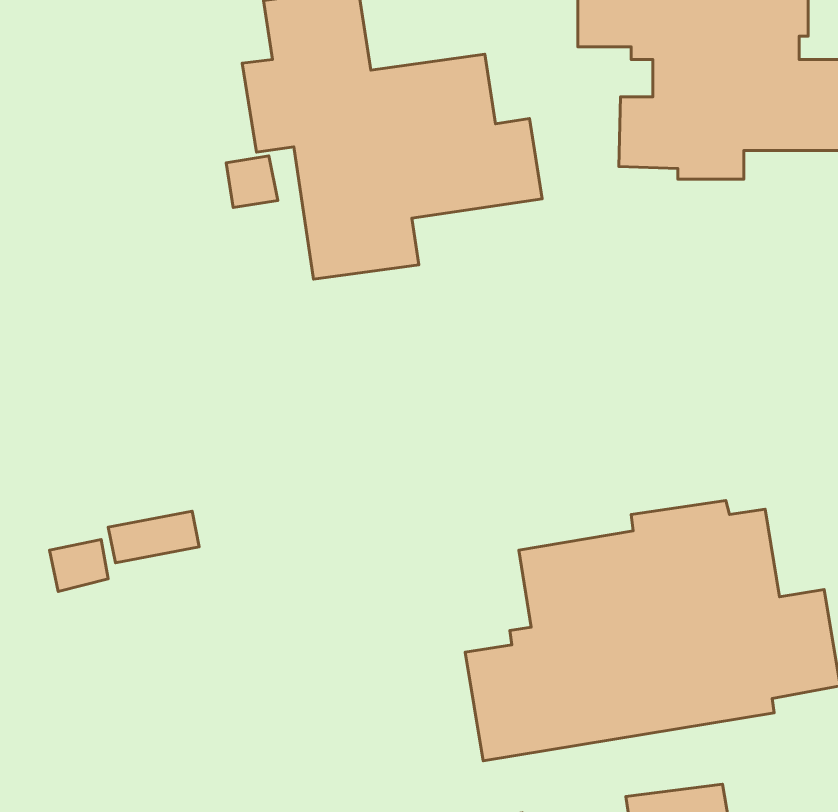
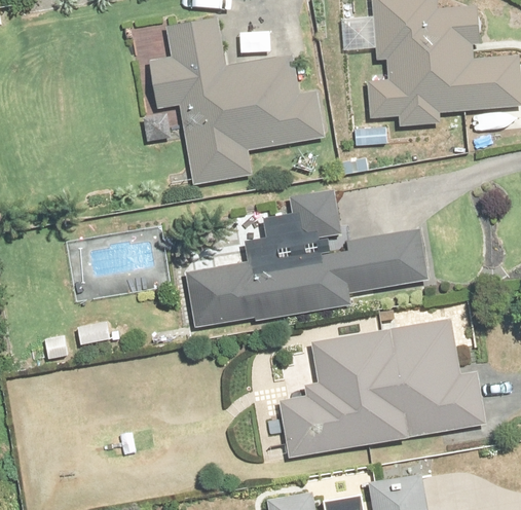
building: none -> [188,190,427,326]

